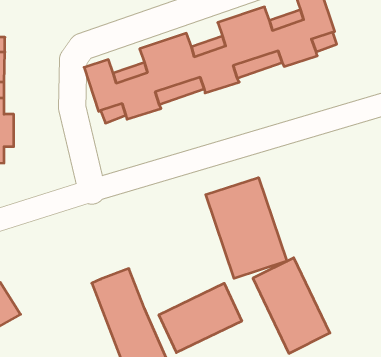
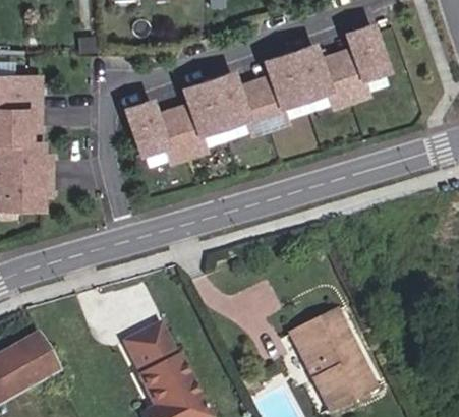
building: [206,178,287,278] -> none
building: [159,283,242,353] -> none

